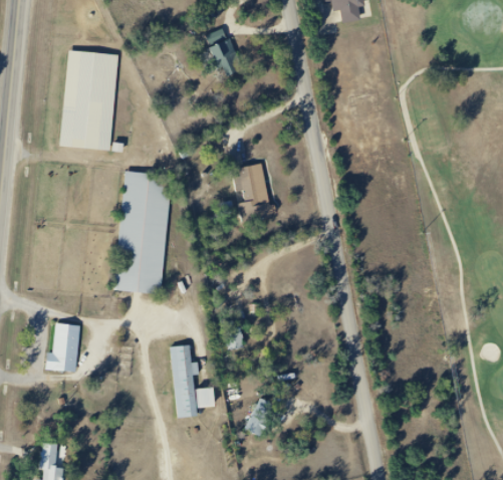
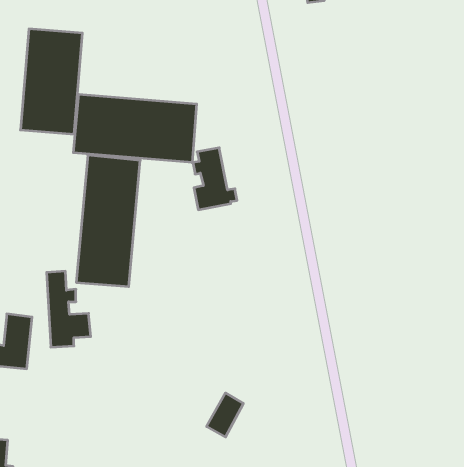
building: [200,28,235,71] -> none
building: none -> [73,94,197,163]
building: [168,344,210,417] -> [47,271,91,347]

